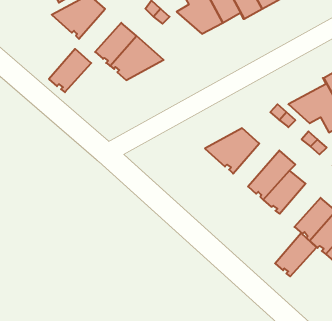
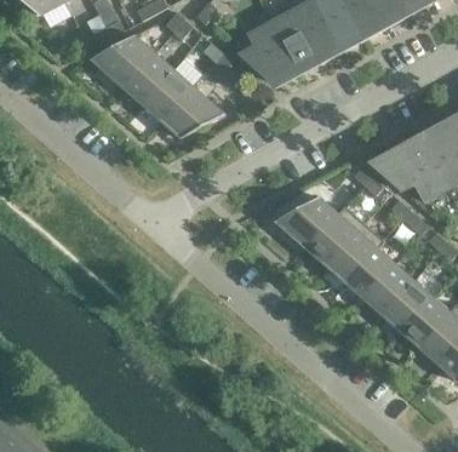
building: [49,49,91,92] -> [122,52,173,104]
building: none -> [308,207,363,267]
building: [275,233,316,276] -> [363,263,413,315]

